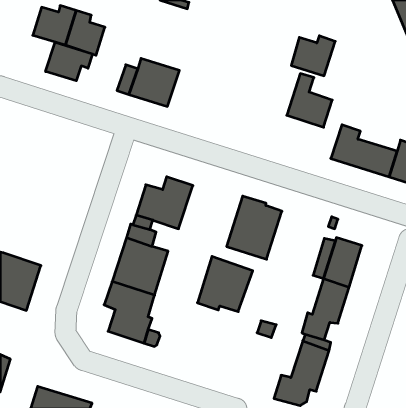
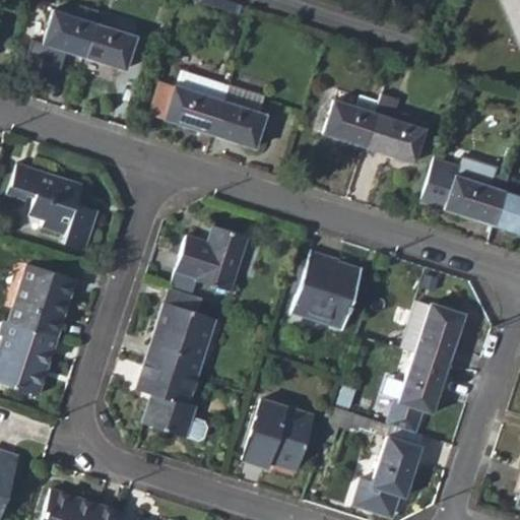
building: [291,36,335,76] -> [326,96,382,147]
building: [46,42,93,81] -> none
building: none -> [216,85,266,148]
building: none -> [10,166,98,252]
building: none -> [8,265,75,338]
building: [197,256,253,312] -> [244,401,314,471]

